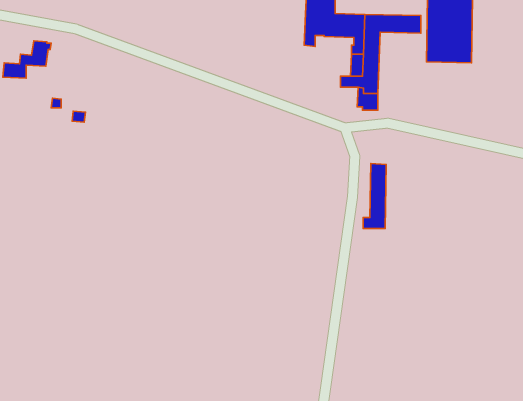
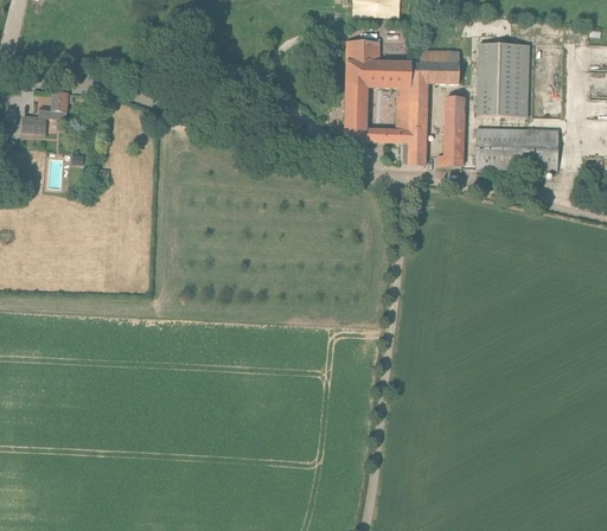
building: none -> [344,84,375,140]
building: none -> [474,124,558,167]
building: [363,164,386,228] -> [437,95,462,165]

